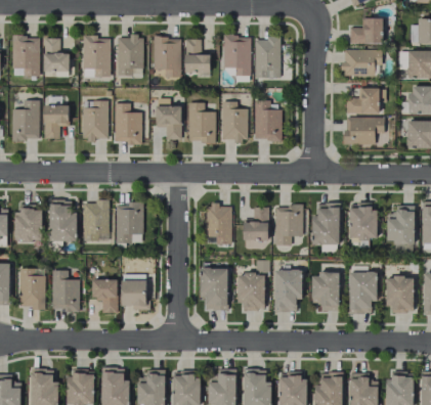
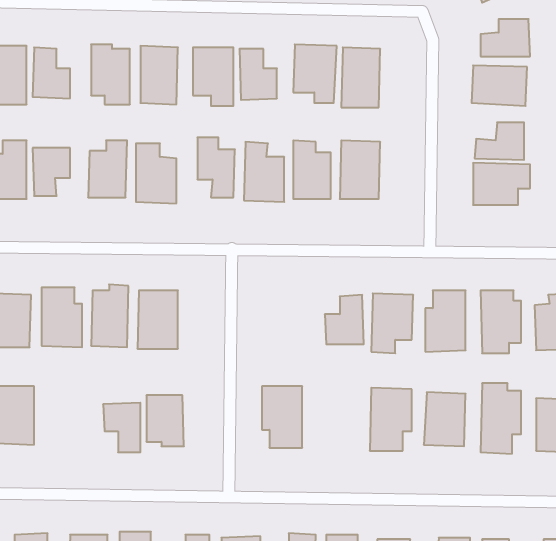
building: [206,204,231,246] -> none
building: [236,262,267,311] -> none
building: [51,270,79,312] -> none

